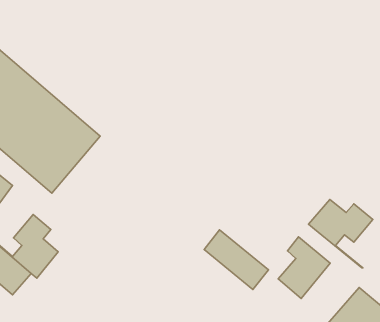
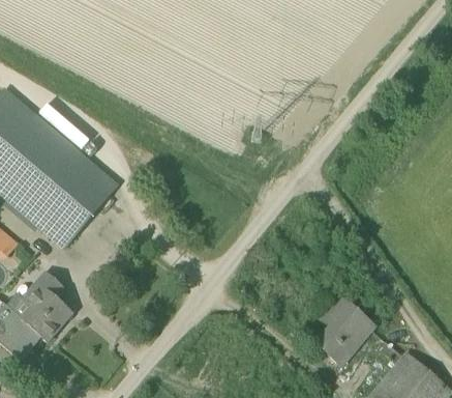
building: [309,199,373,268] -> none
building: [204,230,268,289] -> none

